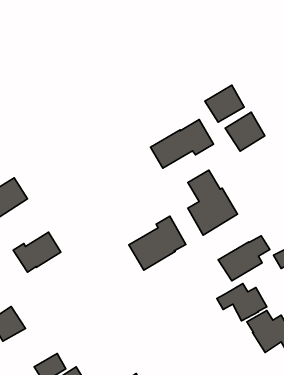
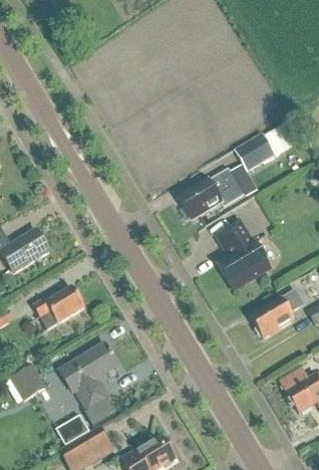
building: [225,112,265,151] -> none
building: [129,216,186,270] -> none
building: [217,284,267,321] -> none
building: none -> [59,342,116,425]

